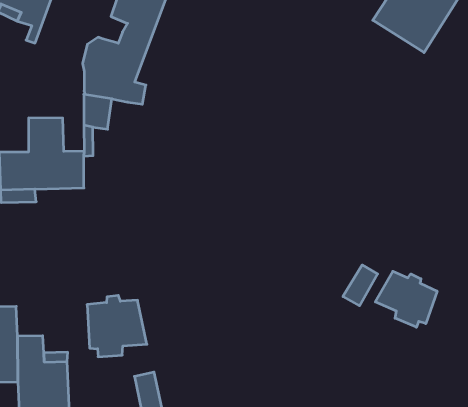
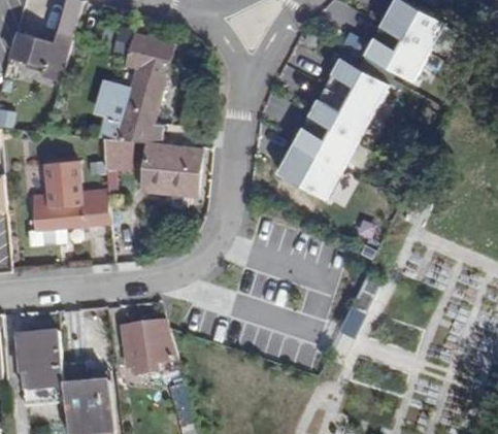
building: none -> [276,59,386,196]
building: none -> [142,142,201,195]
building: [375,271,437,327] -> none

